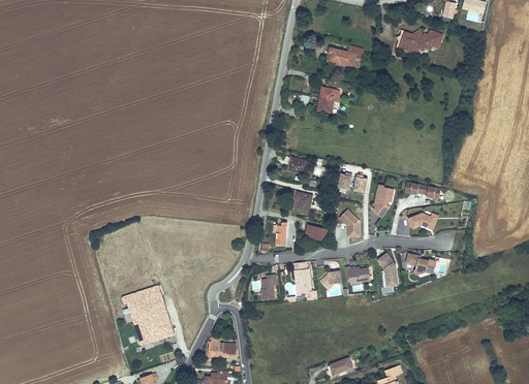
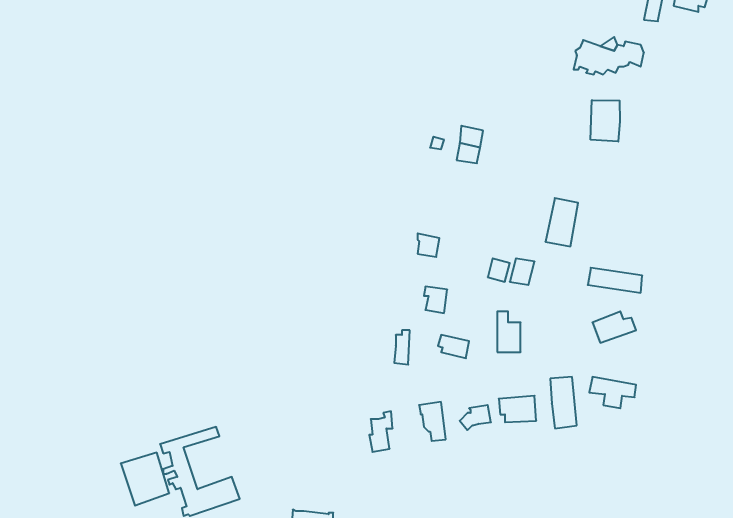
building: [328,46,363,65] -> none
building: none -> [591,100,620,142]
building: [371,184,393,216] -> [545,198,578,246]
building: [136,292,168,327] -> [121,453,169,506]

